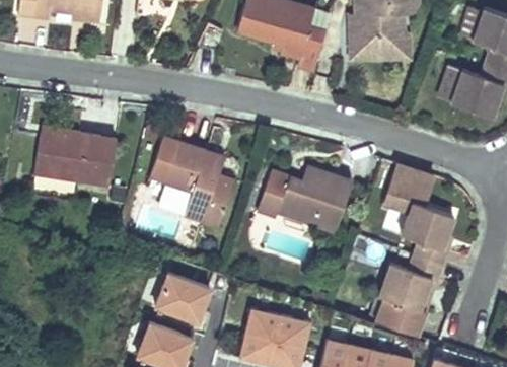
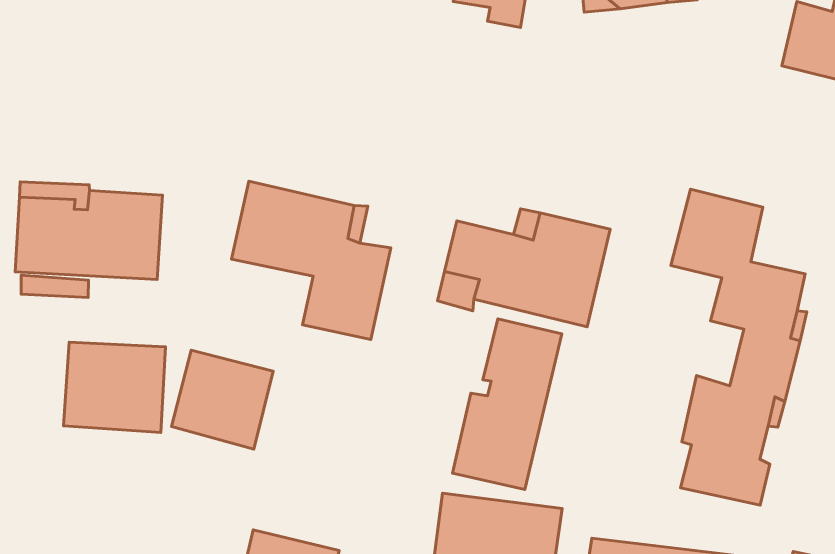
building: none -> [64,342,165,432]
building: none -> [452,319,562,489]
building: [153,274,210,329] -> [172,350,273,449]

